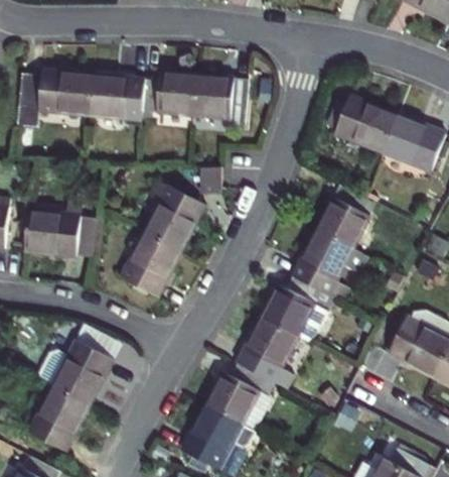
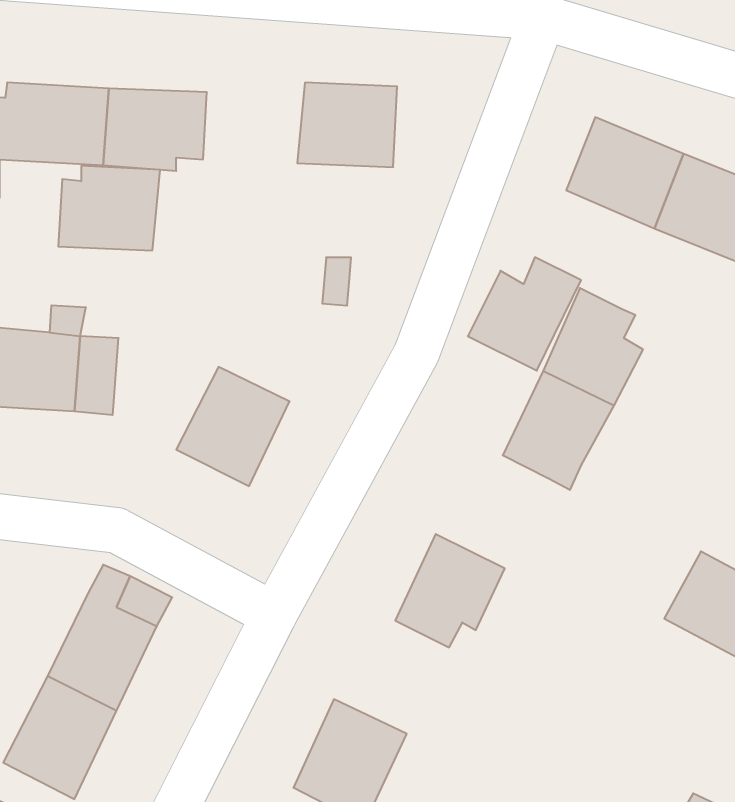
building: [140,74,193,118] -> [58,166,160,250]
building: [148,180,207,243] -> none
building: [262,271,321,331] -> [468,257,581,371]
building: [208,358,269,418] -> none

